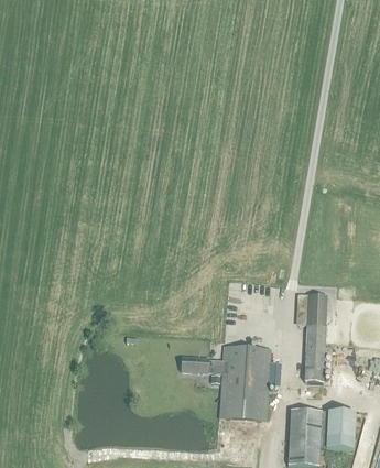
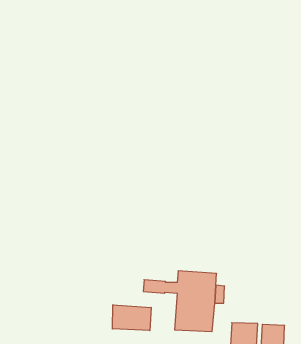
building: [303,294,326,382] -> none
building: none -> [112,305,151,331]

